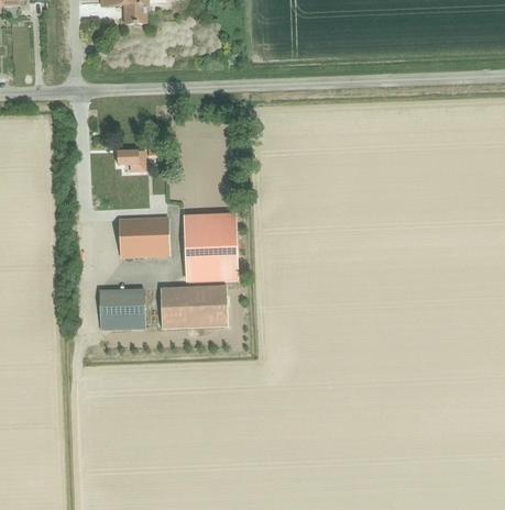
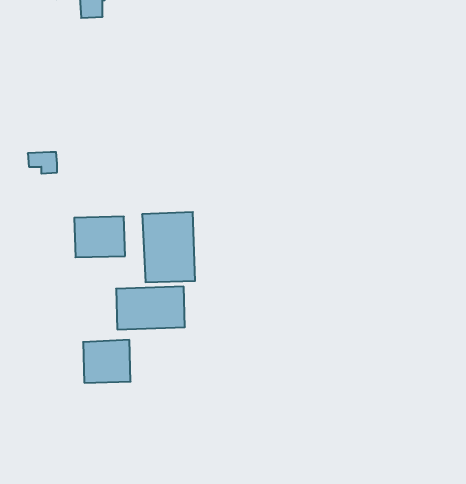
building: [117,151,145,171] -> [28,152,57,174]
building: [99,288,145,330] -> [83,340,131,383]

